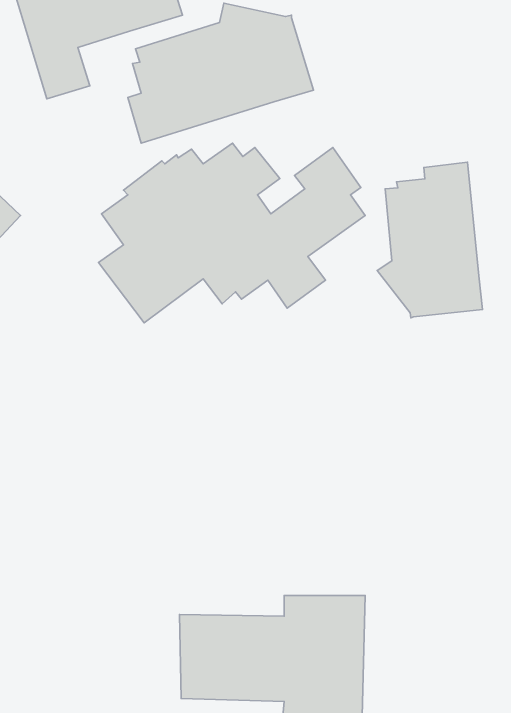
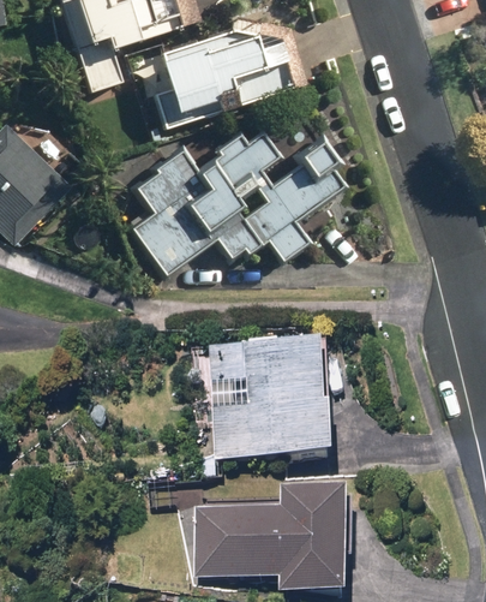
building: [377,162,483,318] -> none
building: none -> [212,341,332,461]

